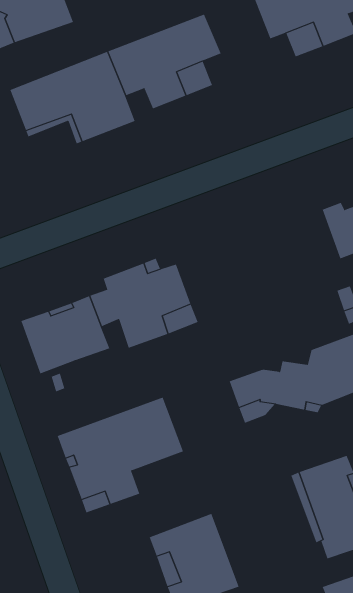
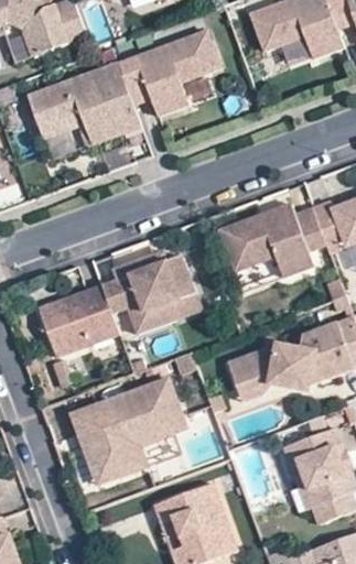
building: none -> [219,203,325,291]

